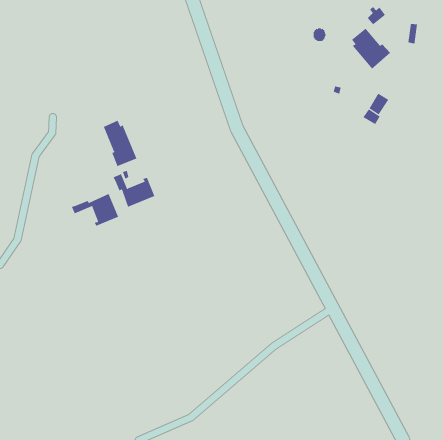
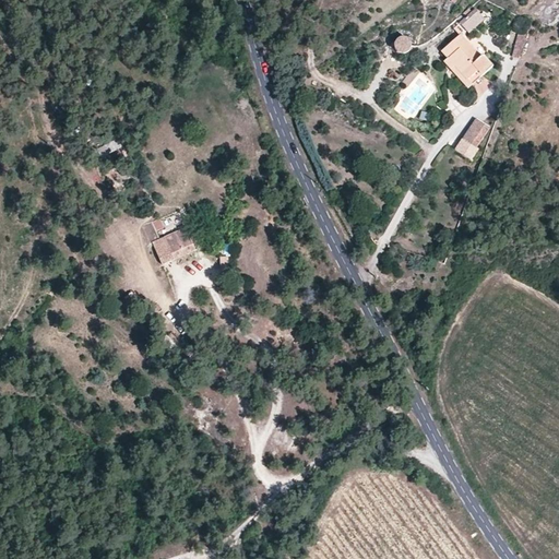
building: [103,120,137,167] -> none
building: [71,193,119,226] -> none

